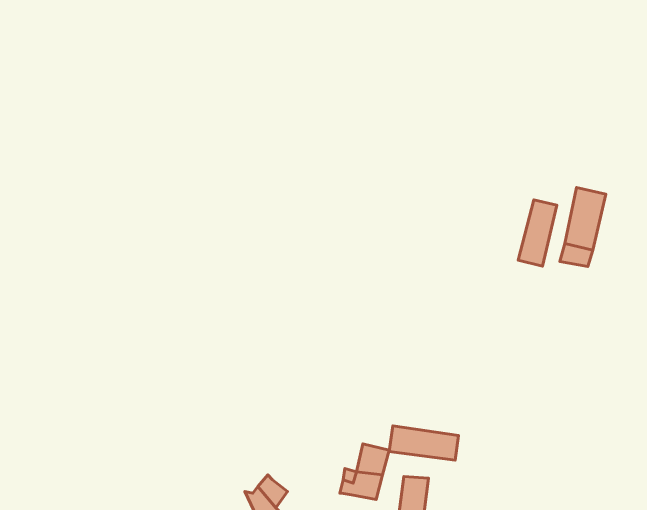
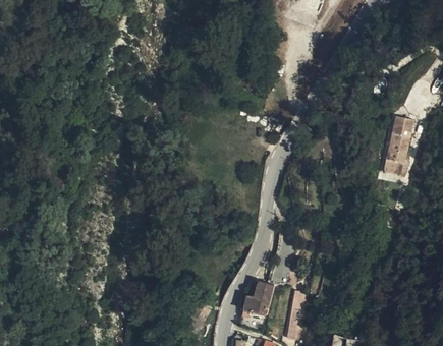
building: [518,200,557,266] -> none
building: [389,426,459,460] -> none

